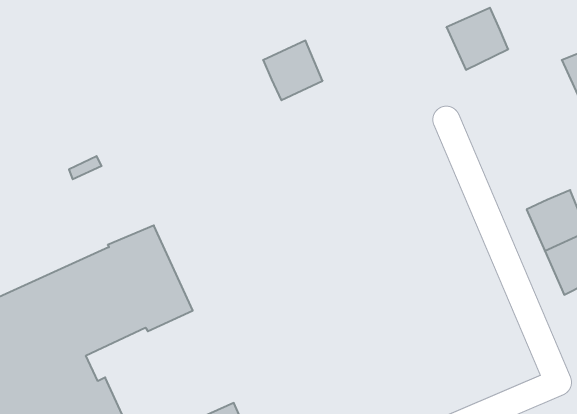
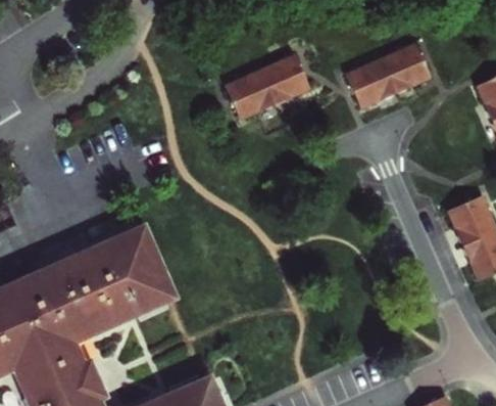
building: none -> [262,55,311,104]
building: none -> [347,59,397,110]

